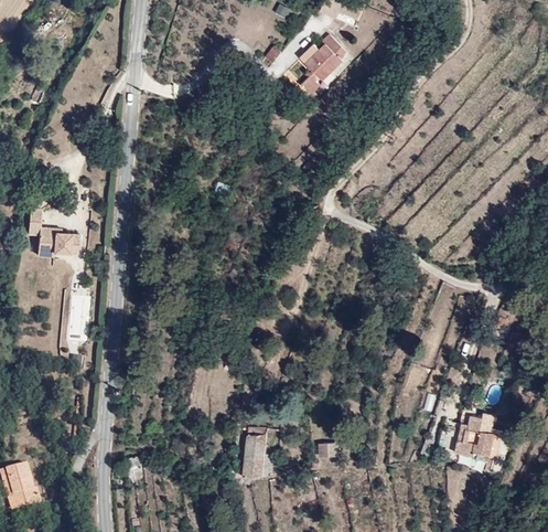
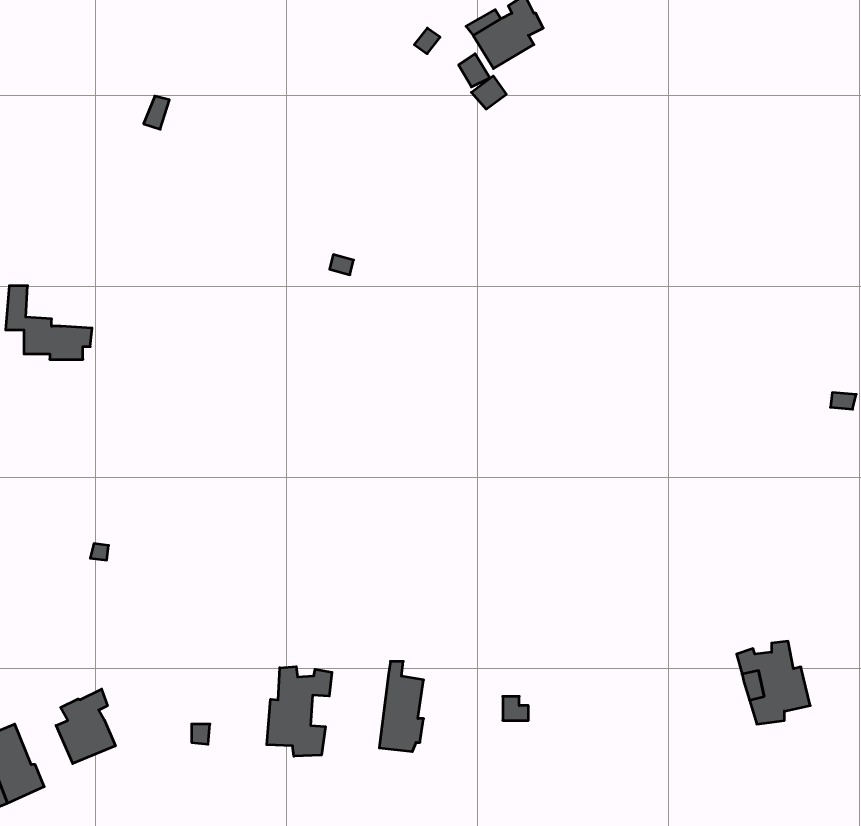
building: none -> [267,667,332,756]
building: none -> [56,689,115,764]

